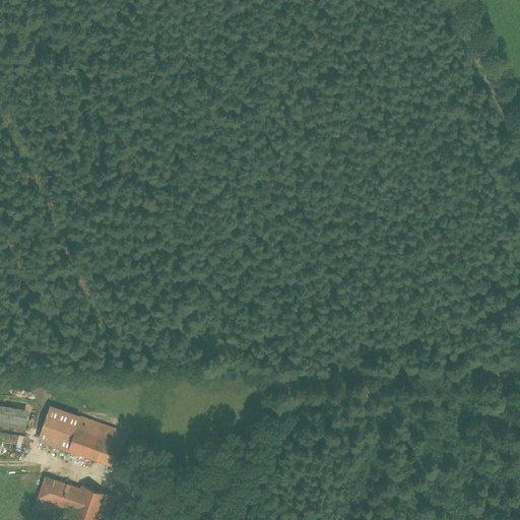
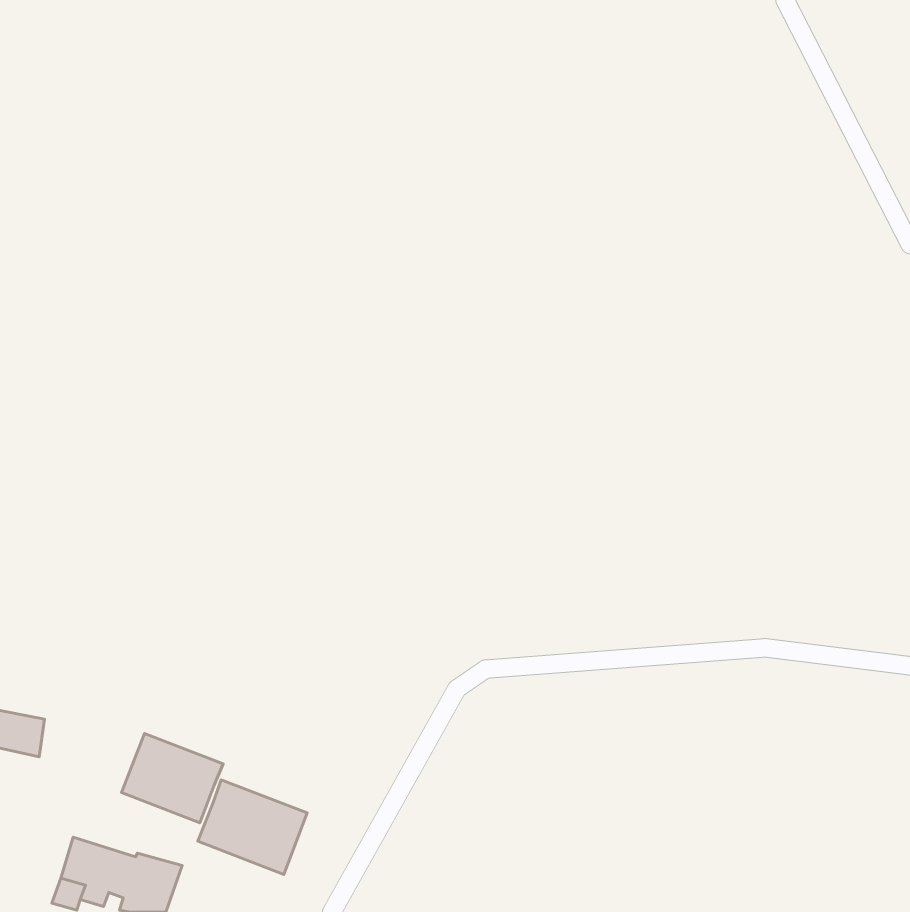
building: [38,405,82,451] -> none
building: none -> [198,780,307,874]

